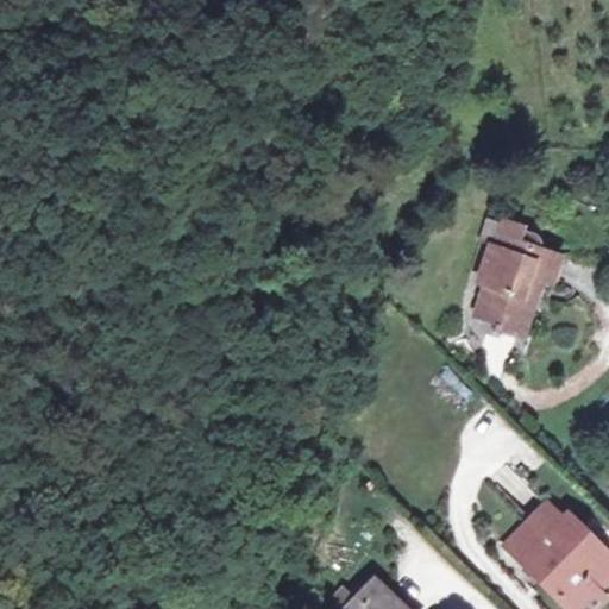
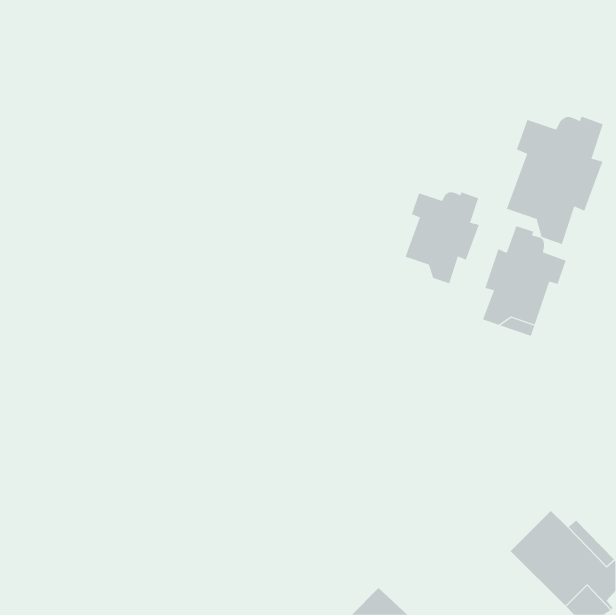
building: none -> [506,116,604,245]
building: none -> [405,191,479,284]

